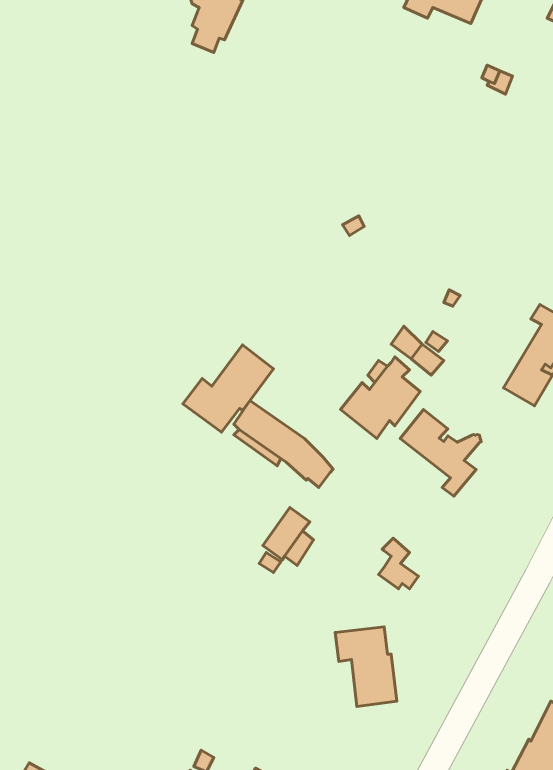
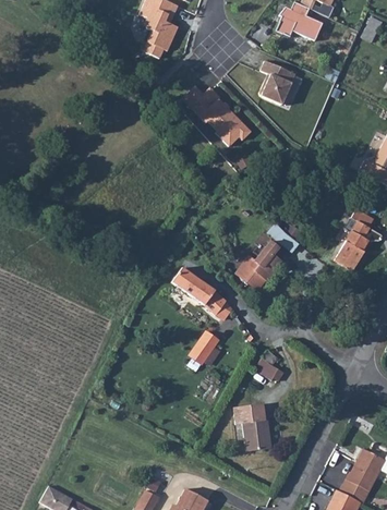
building: none -> [259,60,295,105]
building: none -> [182,85,251,146]
building: [183,345,274,432] -> none
building: [400,409,481,496] -> none

